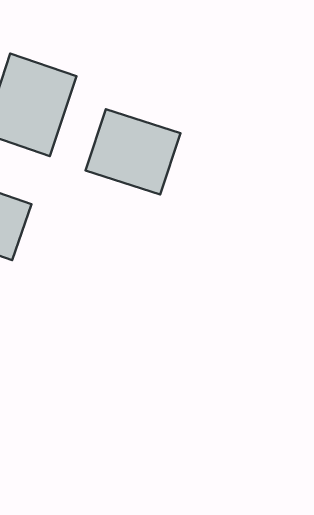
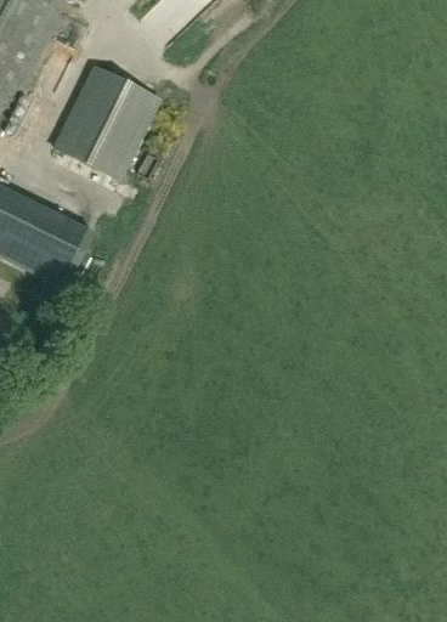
building: [86,109,180,195] -> none

